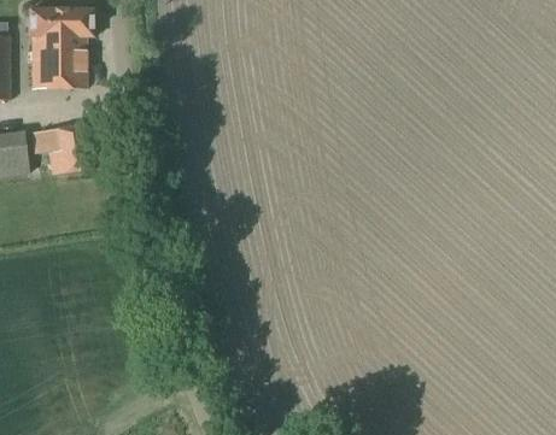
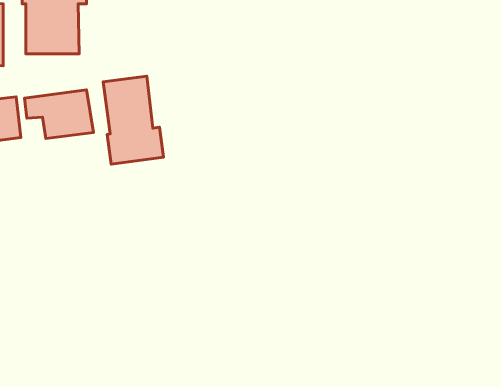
building: none -> [103,76,164,164]

